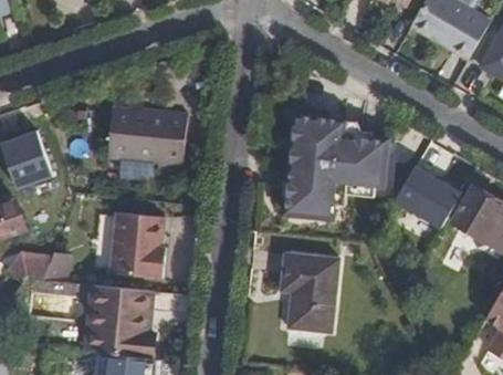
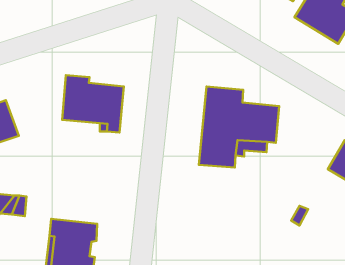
building: [395,165,460,227] -> none
building: [109,213,164,279] -> none
building: [281,253,339,333] -> none

